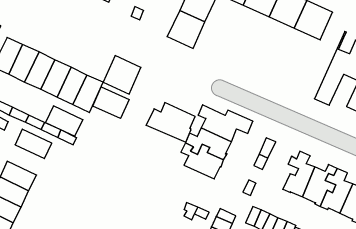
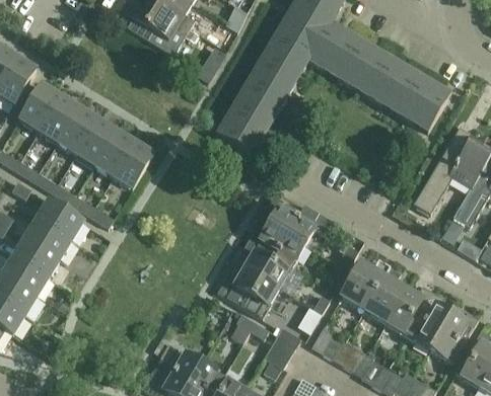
building: [103,56,141,94] -> [221,105,270,155]
building: [93,87,129,118] -> none
building: [146,103,195,142] -> [216,266,278,318]
building: [45,106,83,136] -> [24,218,71,258]
building: none -> [340,259,388,310]

